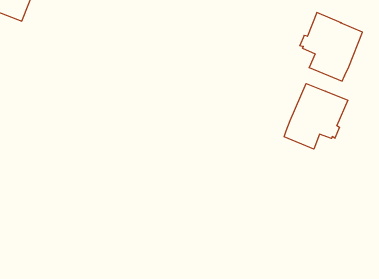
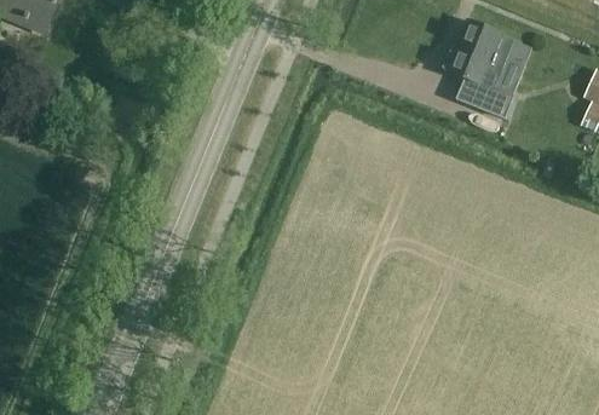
building: [284,84,348,149] -> none

